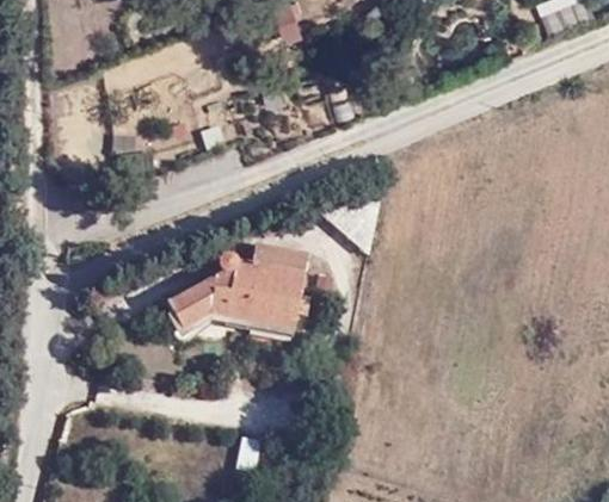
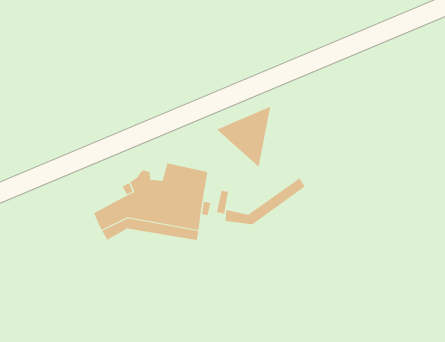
building: none -> [225,178,305,225]

